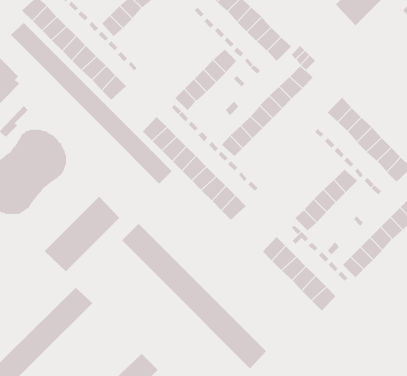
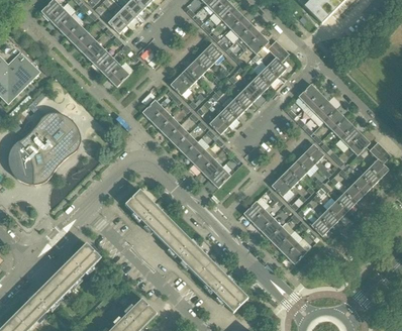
building: [10,22,173,185] -> none
building: [44,196,120,272] -> none

